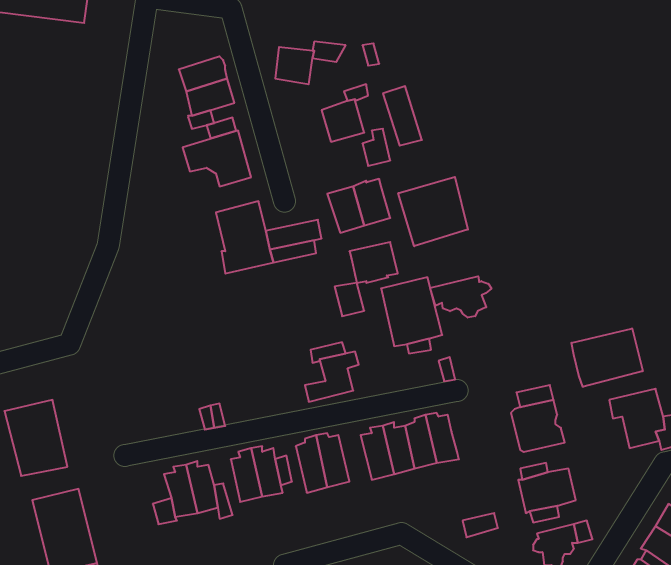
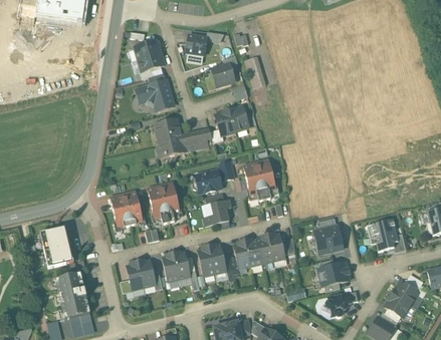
building: [398,177,468,246] -> none
building: [349,242,398,283] -> [195,169,221,192]
building: [430,276,491,318] -> none
building: none -> [147,182,180,223]
building: [571,328,643,387] -> none
building: none -> [109,190,143,228]

